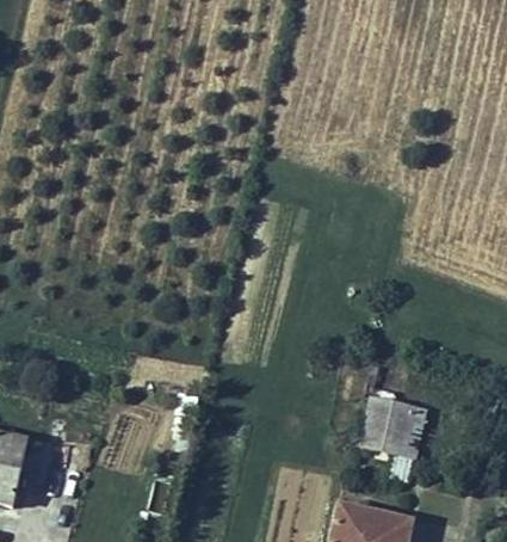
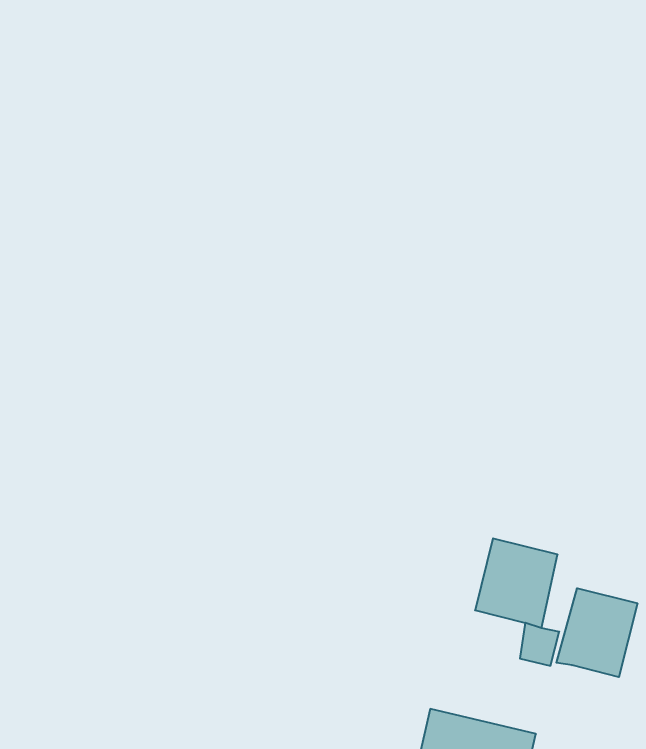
building: none -> [556,588,637,677]

